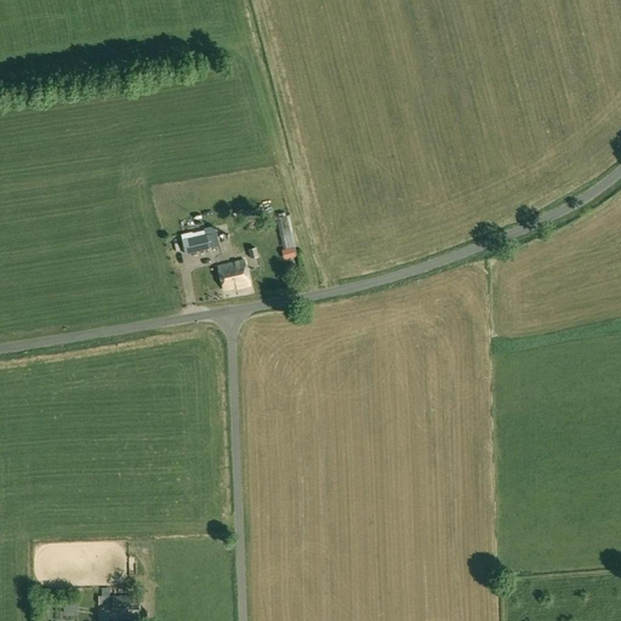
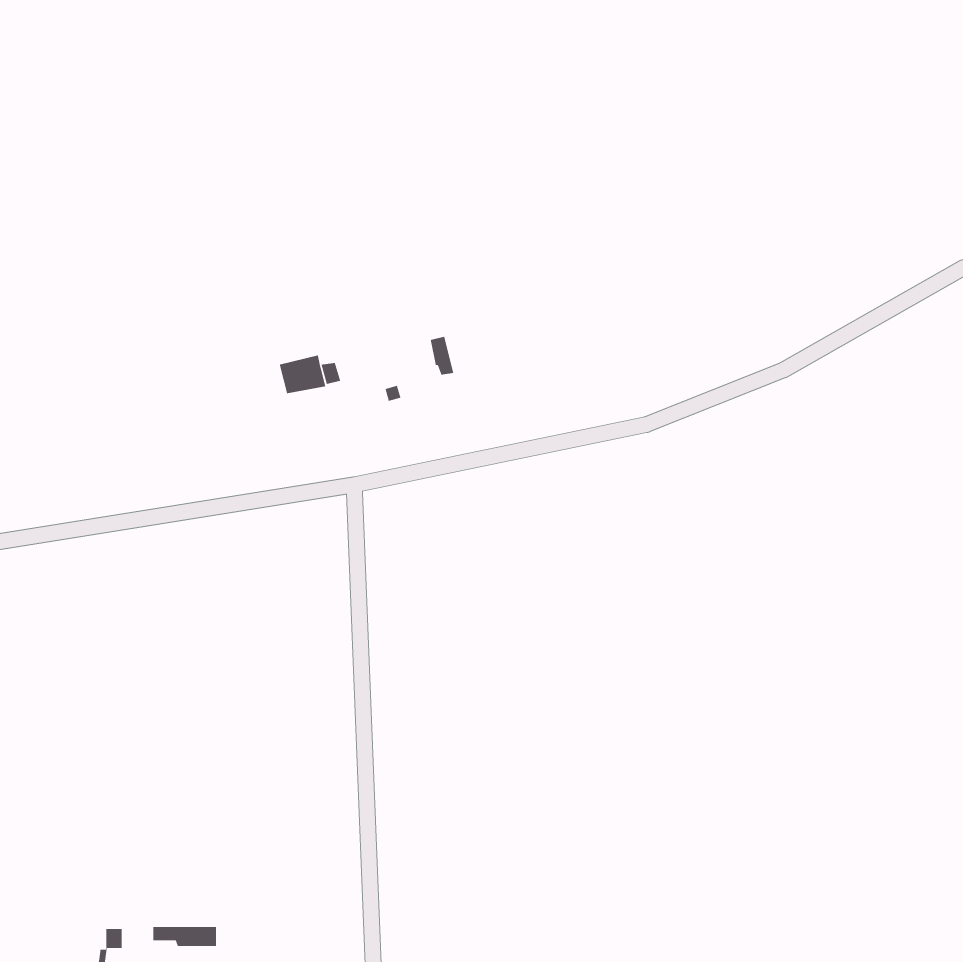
building: [218,261,250,291] -> none

